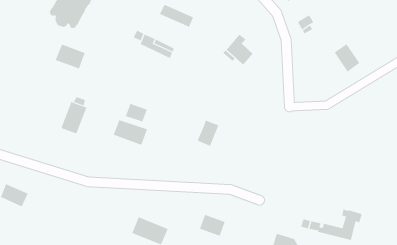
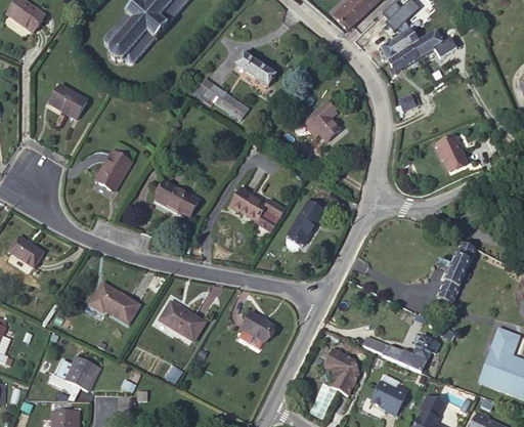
building: [55,44,85,69] -> [49,84,87,118]
building: [125,103,147,123] -> none
building: none -> [232,186,267,220]
building: none -> [287,201,324,250]
building: none -> [437,242,477,302]
building: none -> [90,282,139,323]

